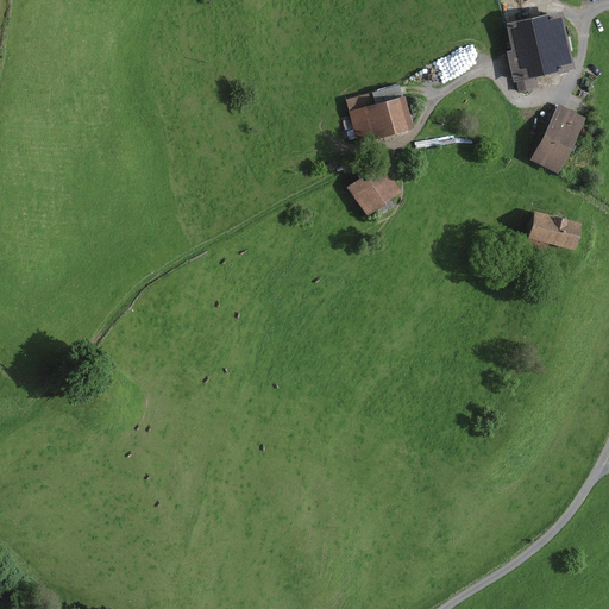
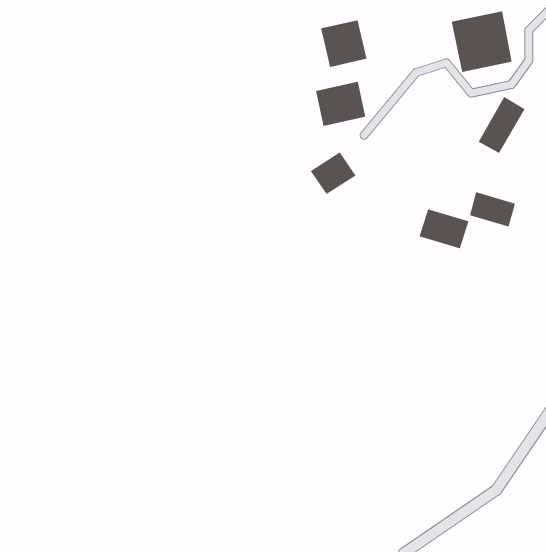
building: none -> [320,19,367,68]
building: none -> [419,208,469,249]

